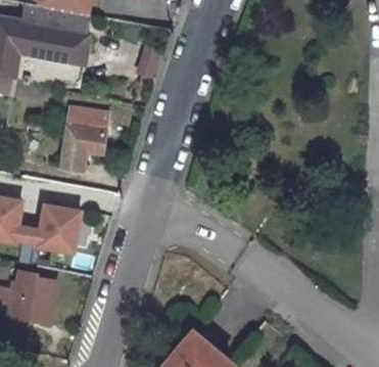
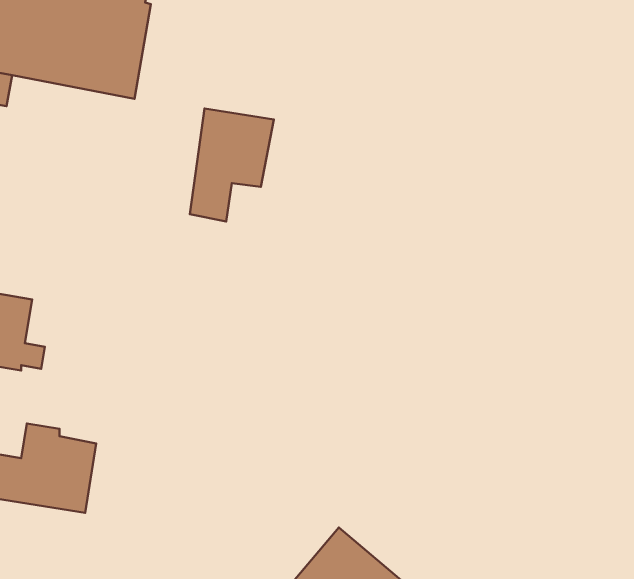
building: [61,106,108,170] -> [190,109,274,222]
building: [27,204,80,251] -> none

